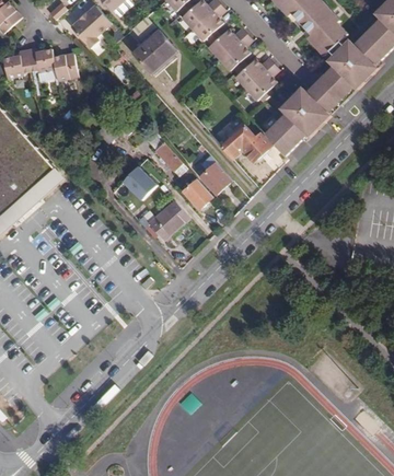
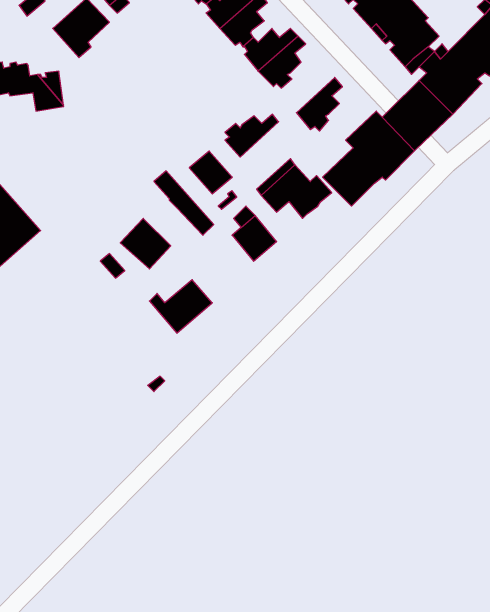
building: [130,28,175,72] -> none
building: [233,57,271,88] -> [225,114,279,157]
building: [181,177,211,208] -> [189,151,232,194]

